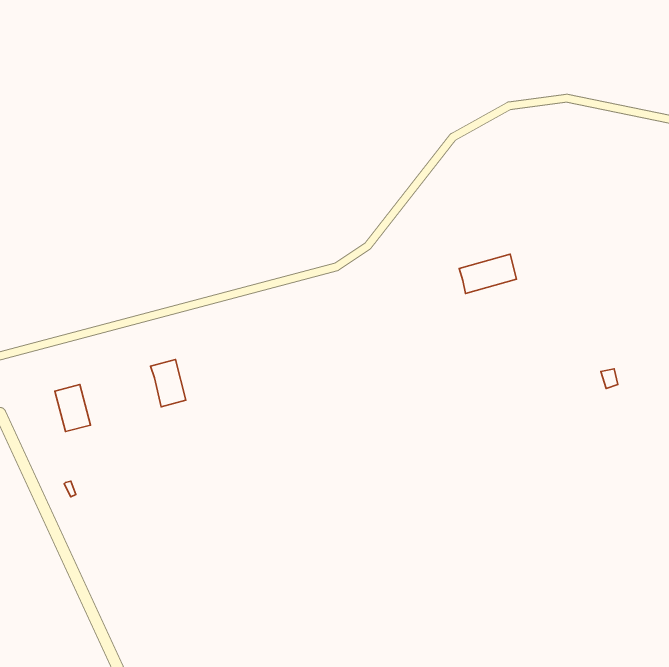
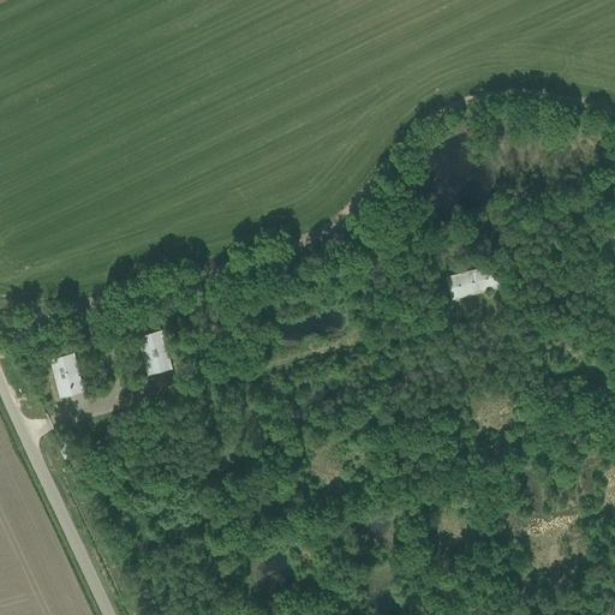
building: [459,254,517,294] -> [446,264,498,300]

